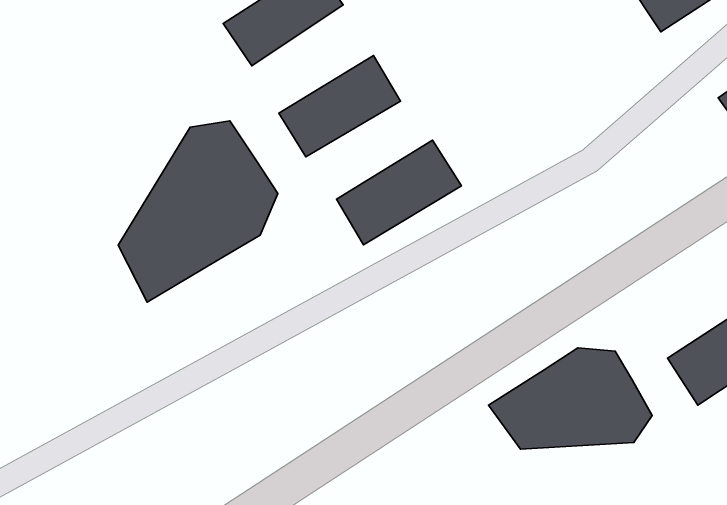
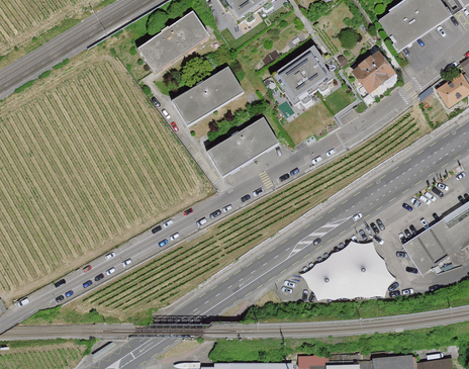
building: none -> [271,48,331,105]
building: none -> [352,50,398,97]
building: [118,121,278,302] -> none

